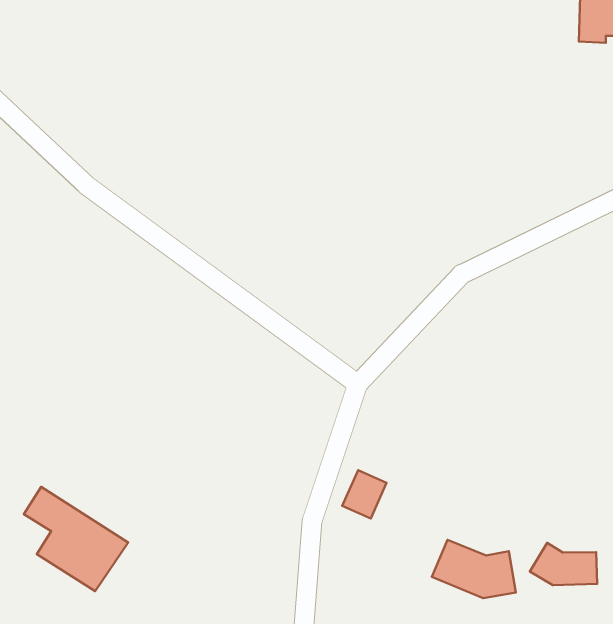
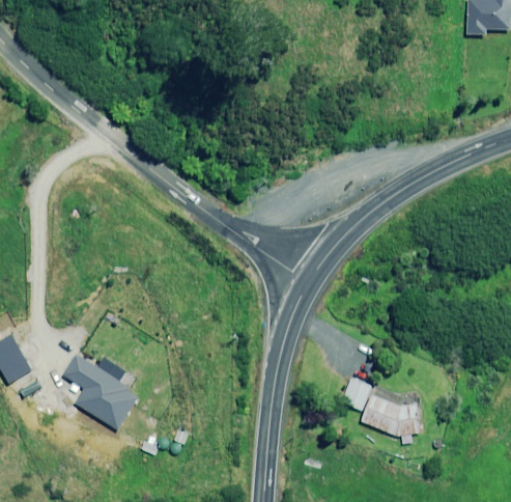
building: [342,470,387,519] -> [341,374,373,410]
building: [530,543,597,585] -> none

